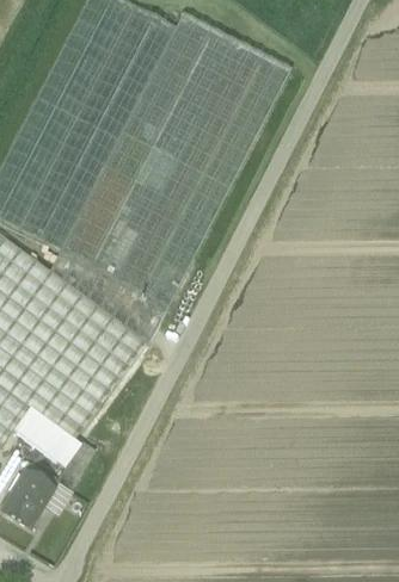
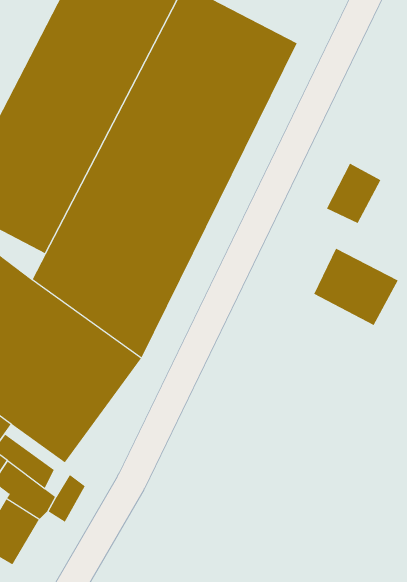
building: none -> [326,163,381,224]
building: none -> [314,248,398,326]

